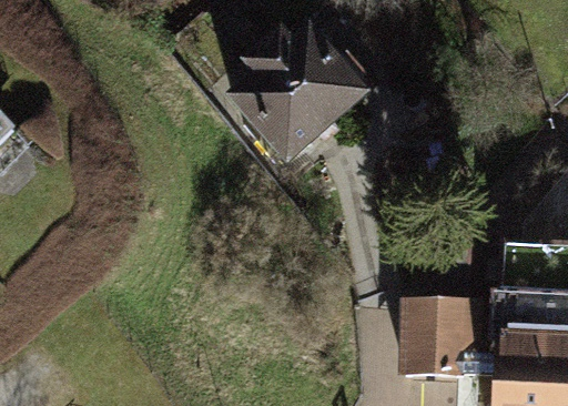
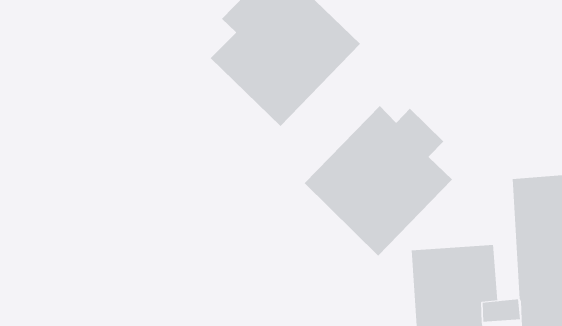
building: none -> [304,105,453,256]

